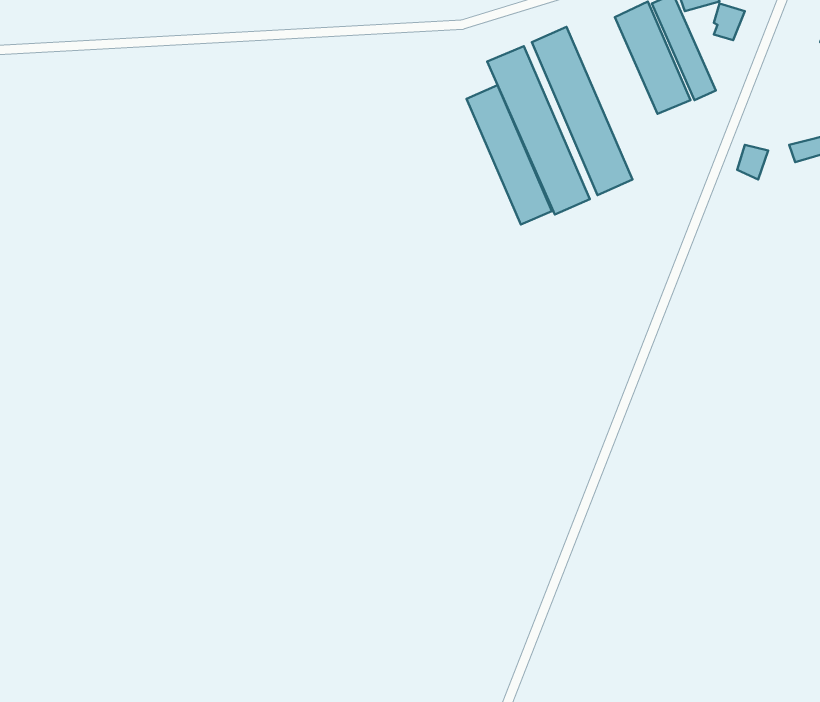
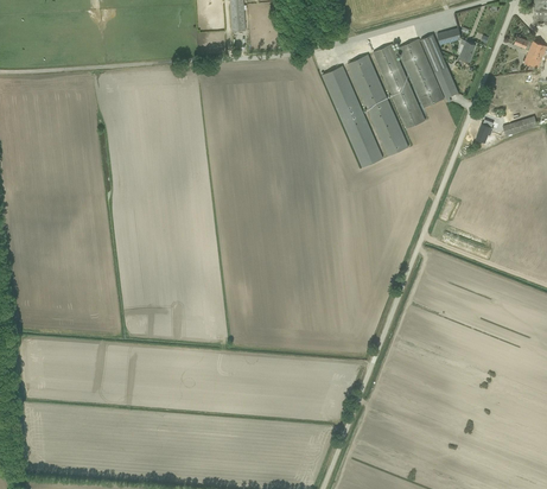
building: [467,85,552,225] -> [371,44,424,129]

